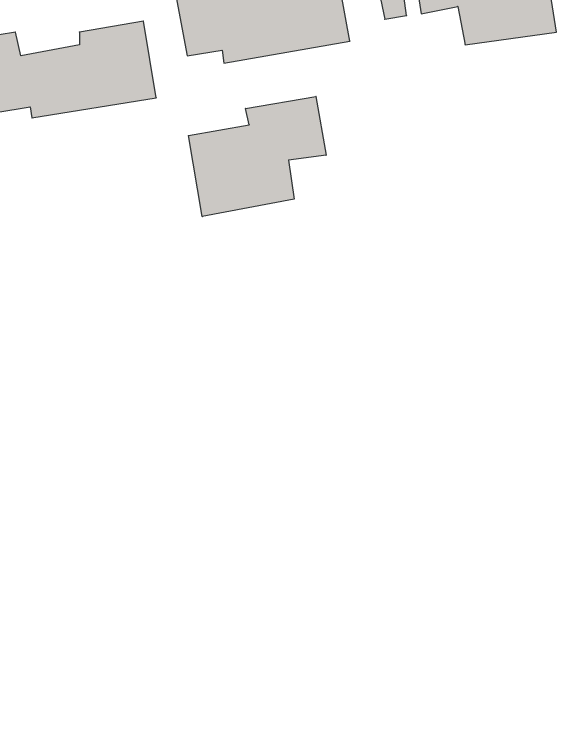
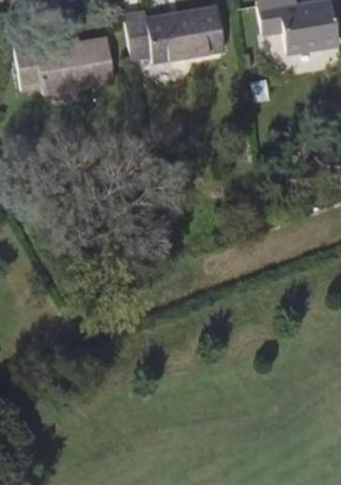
building: [188,96,326,217] -> none

